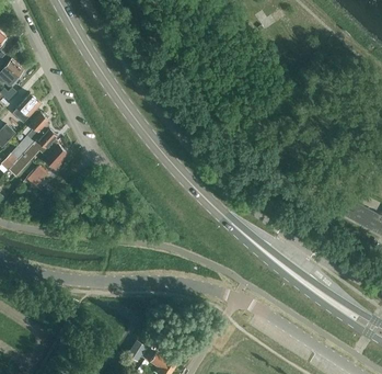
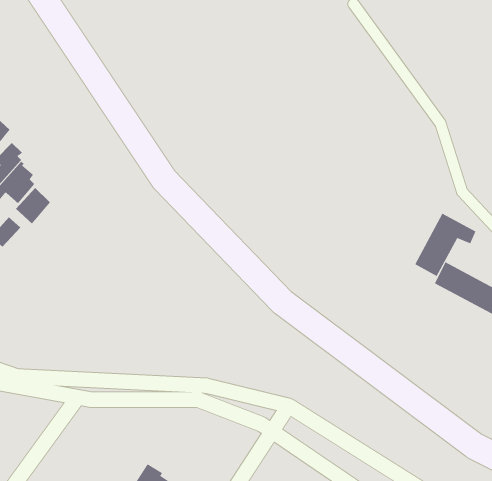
building: none -> [415,213,476,277]

